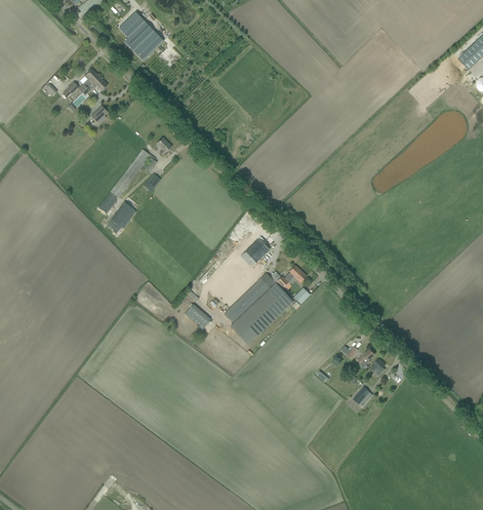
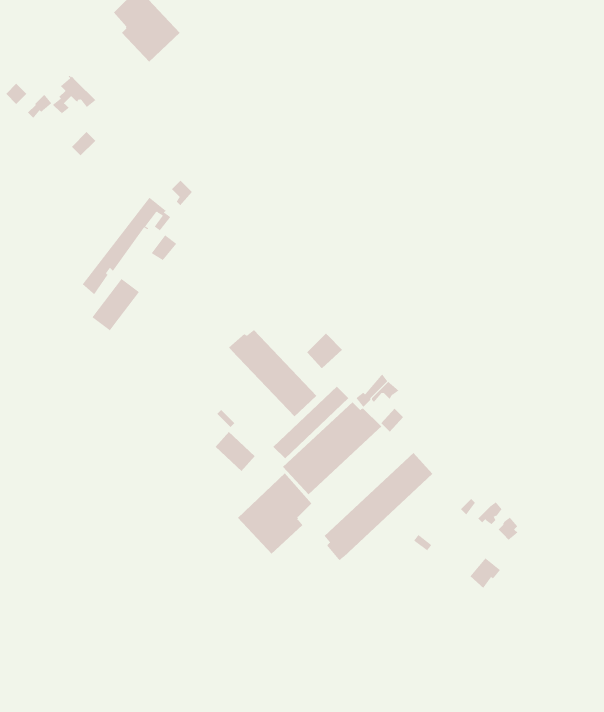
building: none -> [228,329,317,417]
building: none -> [324,452,433,561]
building: none -> [237,472,312,555]

